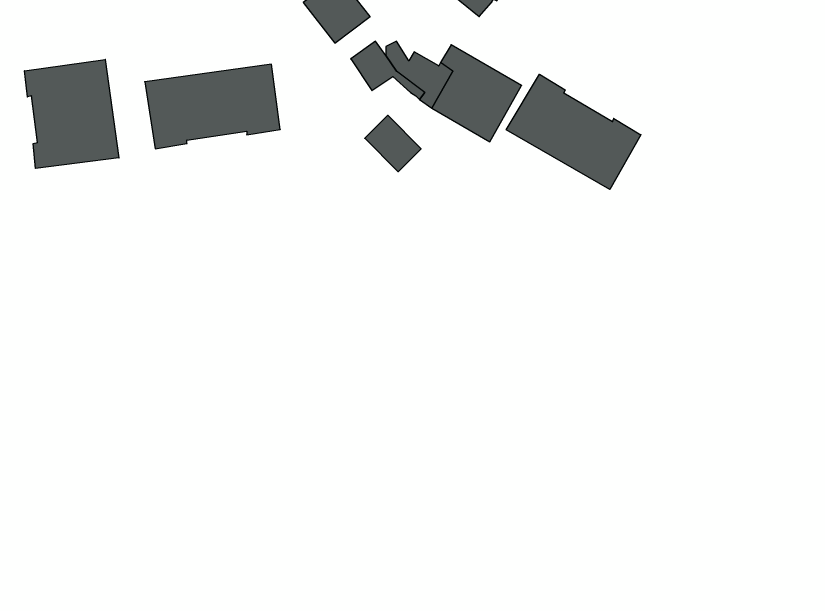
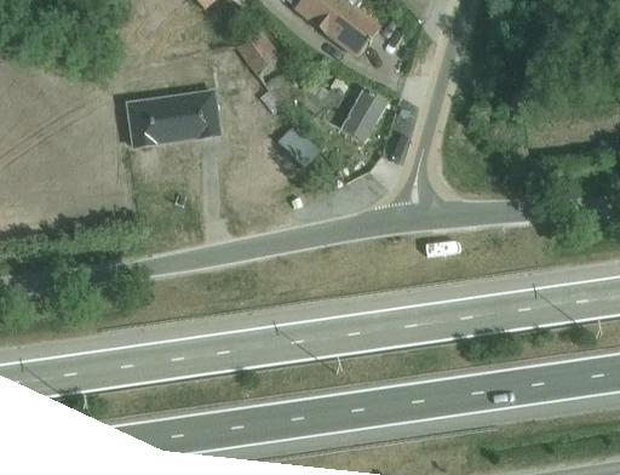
building: [25,59,119,168] -> none
building: [506,74,641,189] -> none

